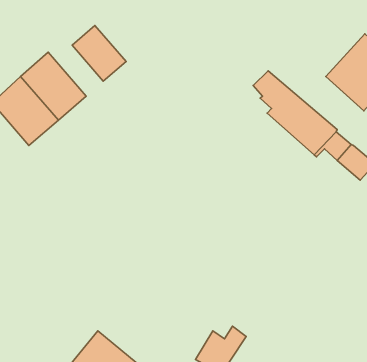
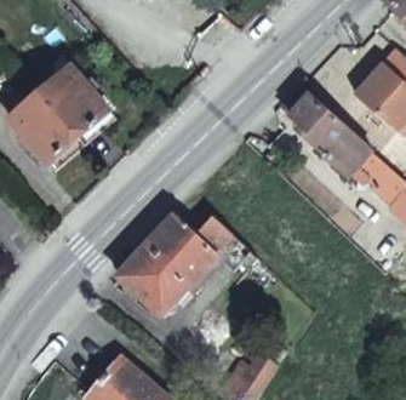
building: [72,25,126,81] -> none
building: none -> [114,215,233,316]

